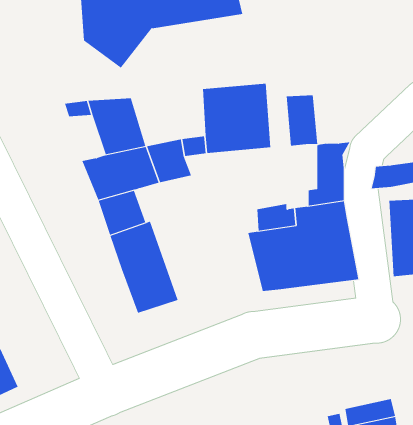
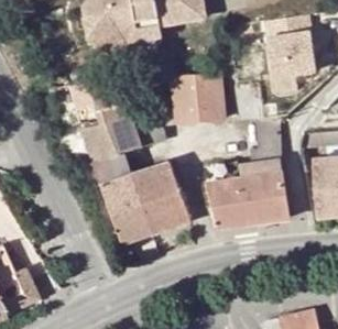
building: none -> [268,29,323,78]
building: none -> [135,163,190,234]

